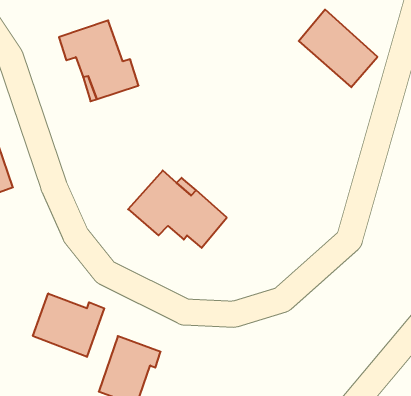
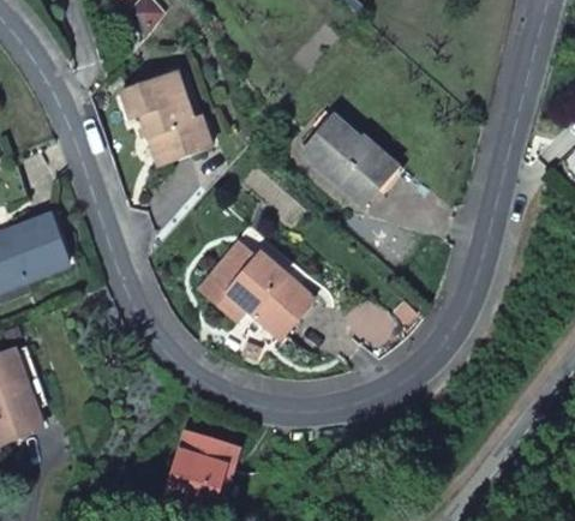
building: [299,10,377,87] -> [304,114,394,203]
building: [33,293,104,357] -> none

